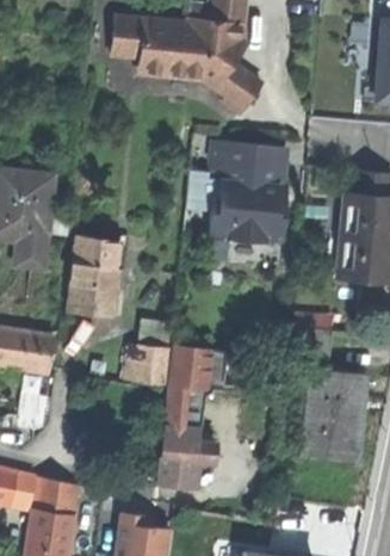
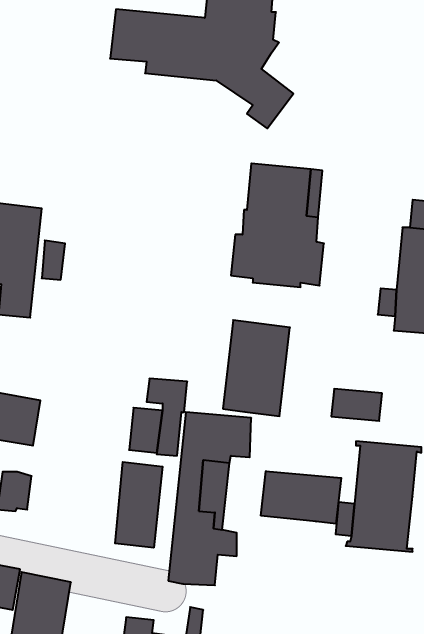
building: [68,237,123,316] -> [223,320,290,416]
building: none -> [115,462,163,548]
building: none -> [261,471,341,524]

